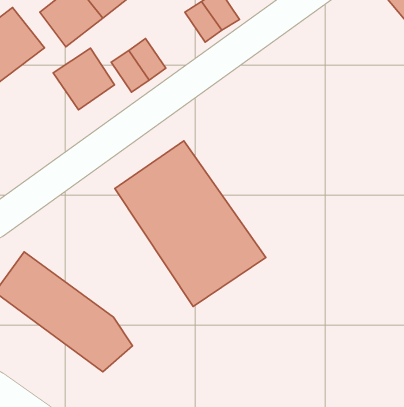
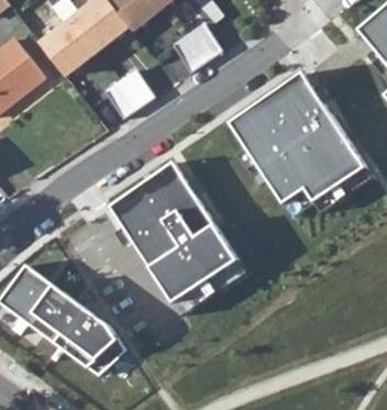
building: none -> [229,71,371,215]
building: [53,48,114,110] -> none

